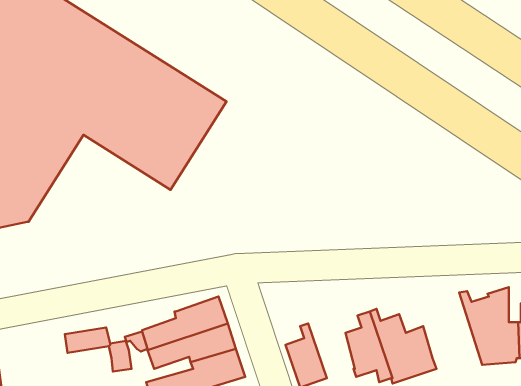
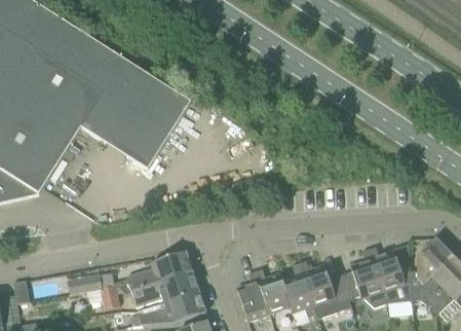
building: none -> [343,248,388,307]
building: none -> [255,268,291,314]

